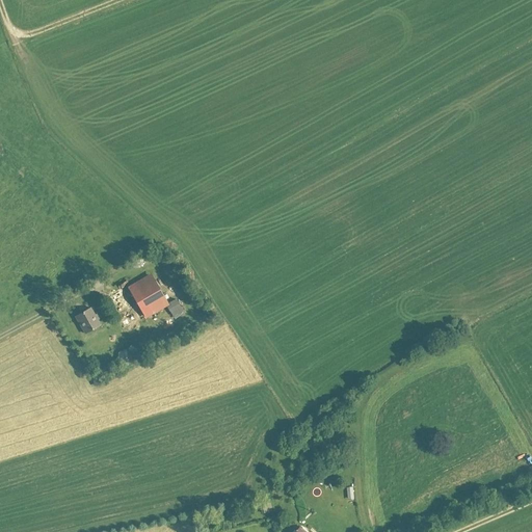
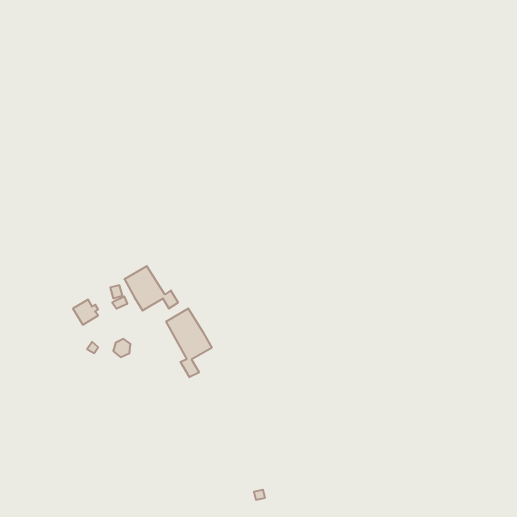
building: none -> [166,308,212,377]

